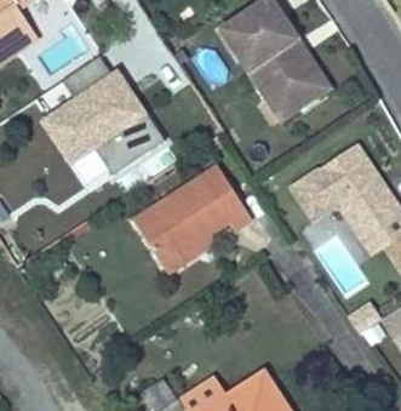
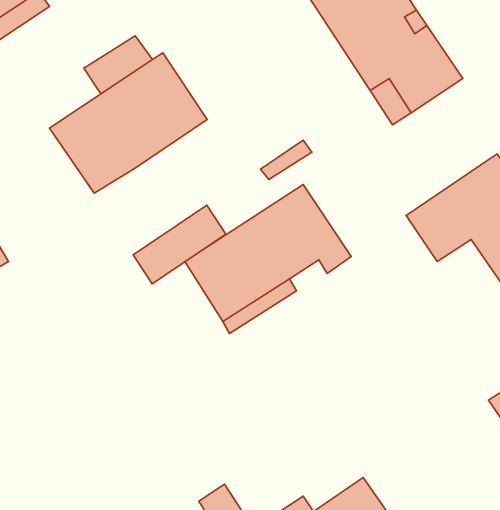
building: [99,118,165,173] -> [133,205,226,284]

